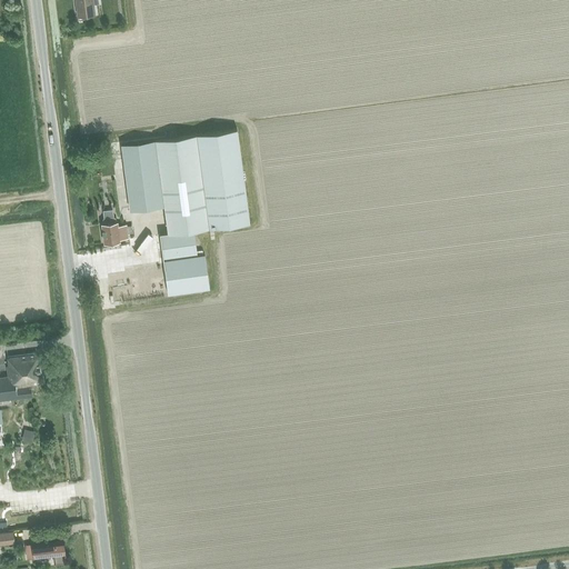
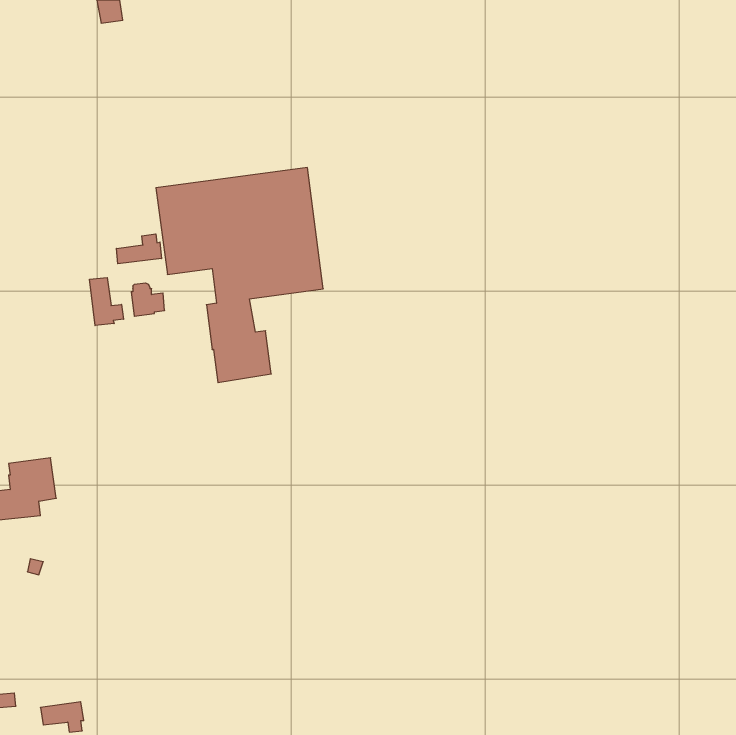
building: none -> [116,234,162,264]
building: none -> [90,278,124,326]

